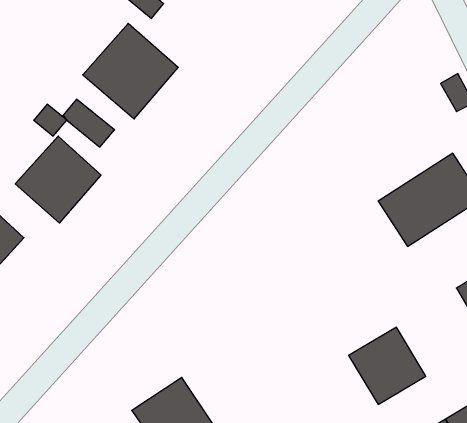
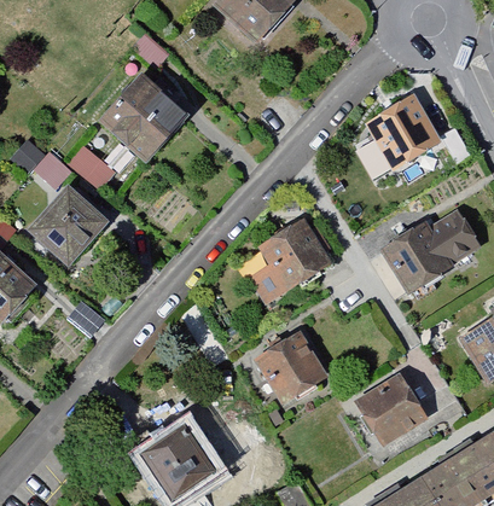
building: none -> [364,91,438,168]
building: none -> [240,219,331,299]
building: none -> [254,330,329,403]

